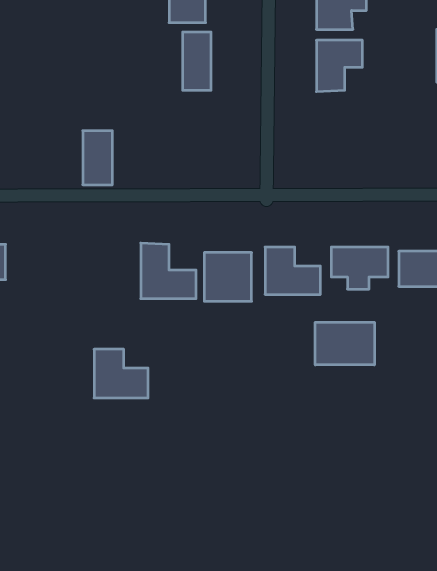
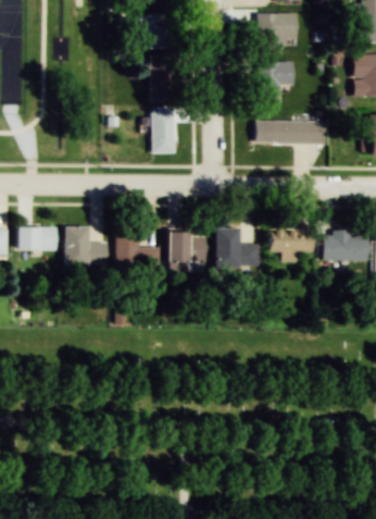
building: none -> [255,120,327,144]
building: [83,131,112,185] -> [151,110,175,153]
building: none -> [16,227,55,250]
building: [315,322,374,365] -> none
building: [94,349,148,398] -> [64,227,108,267]

